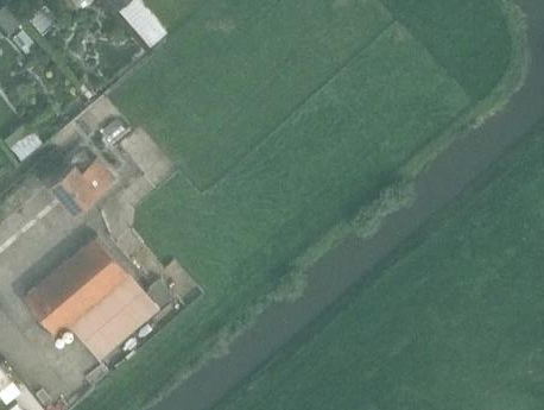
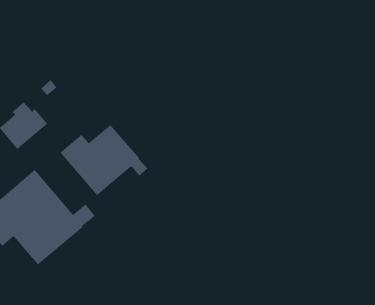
building: none -> [60,124,148,196]

